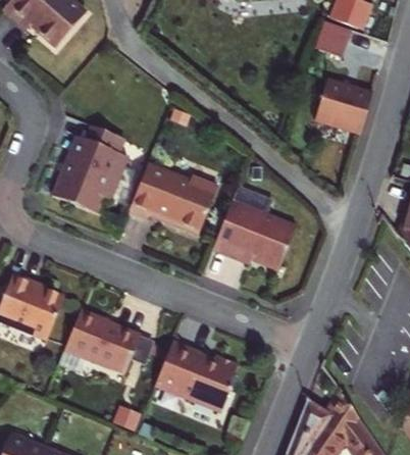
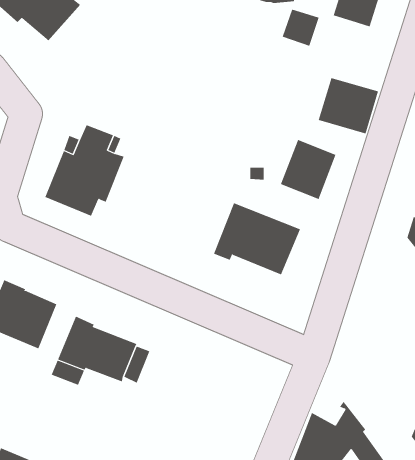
building: [314,20,350,56] -> [282,9,319,47]
building: none -> [280,139,336,200]
building: [129,164,217,235] -> none
building: [155,341,238,412] -> none

